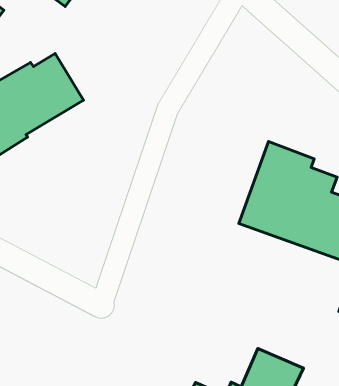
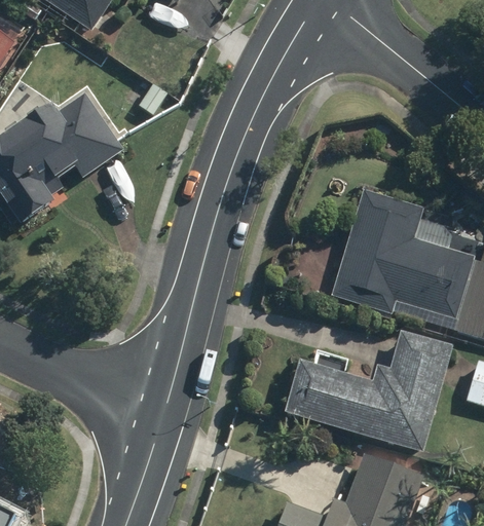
building: none -> [284,329,452,451]

